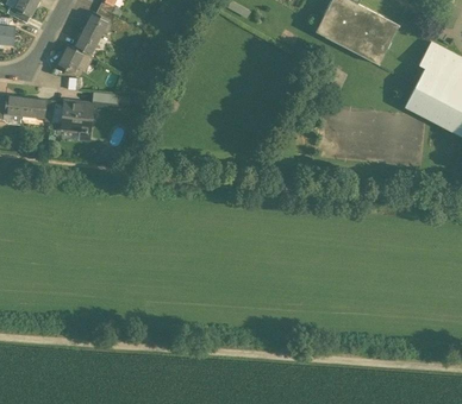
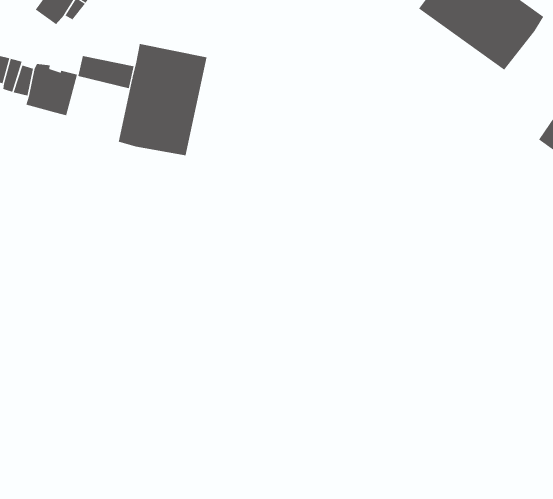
building: none -> [118,43,207,156]

